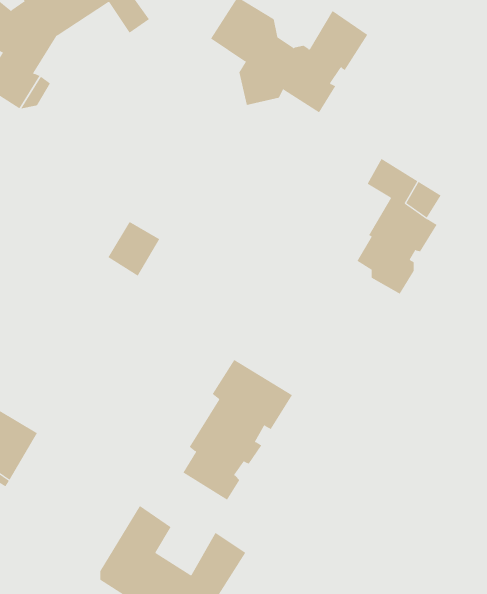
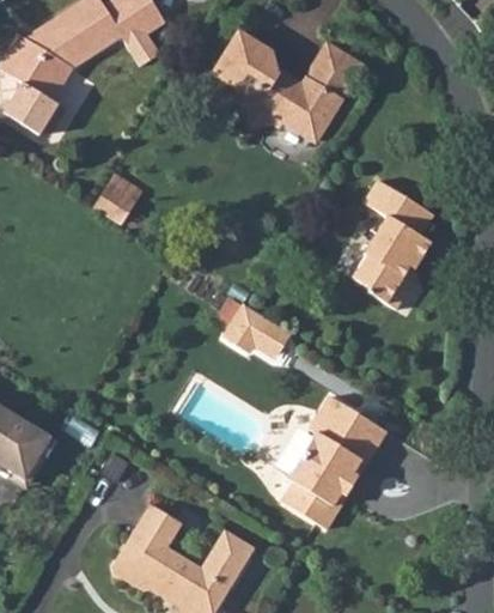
building: [107,221,160,277] -> [100,170,150,221]
building: none -> [225,304,287,352]
building: [182,359,293,501] -> [282,397,385,529]

